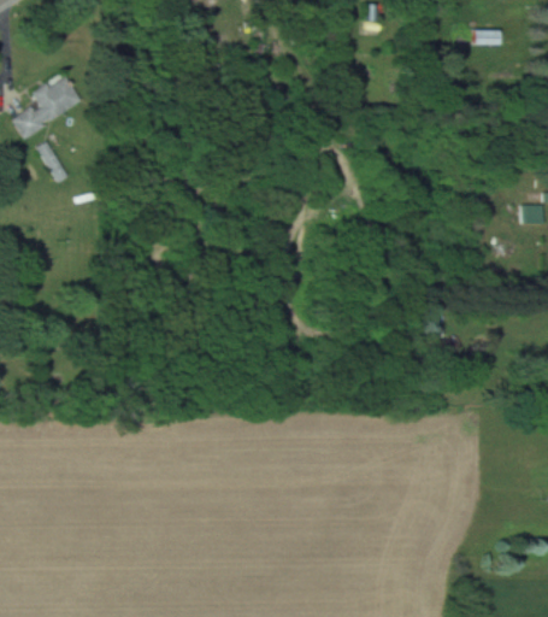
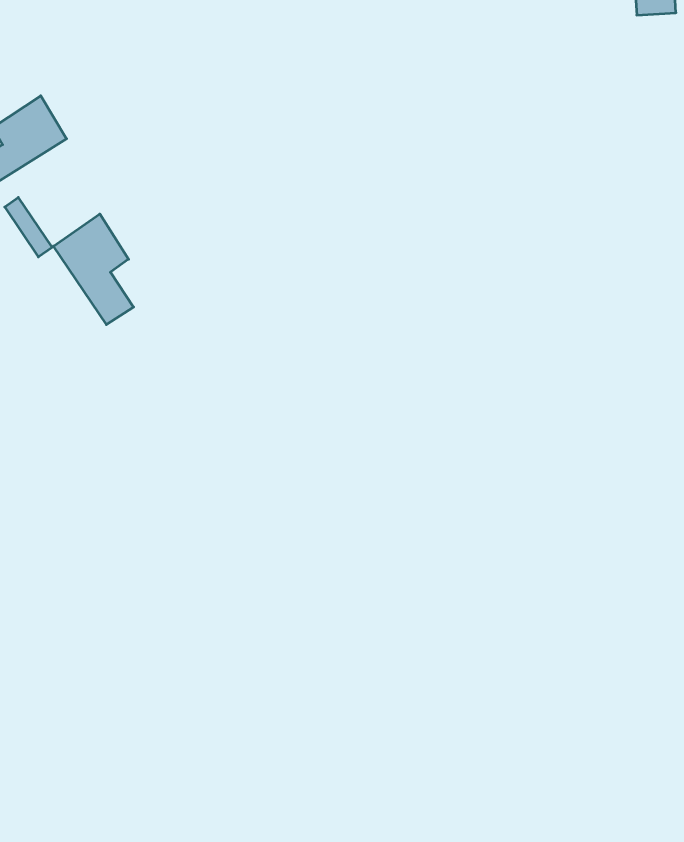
building: none -> [53,214,134,325]

